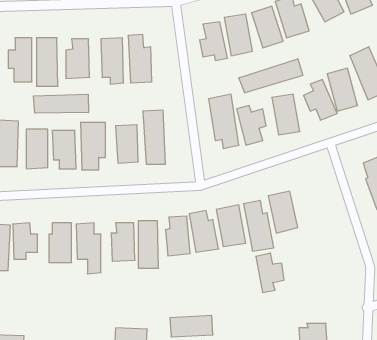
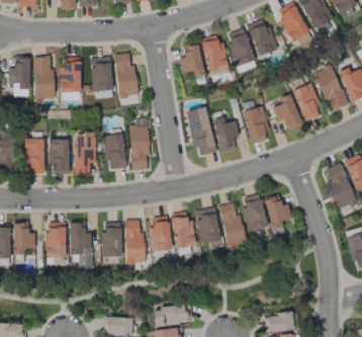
building: [239,59,303,93] -> none
building: [34,94,88,113] -> none
building: [256,253,284,293] -> [265,195,290,231]

